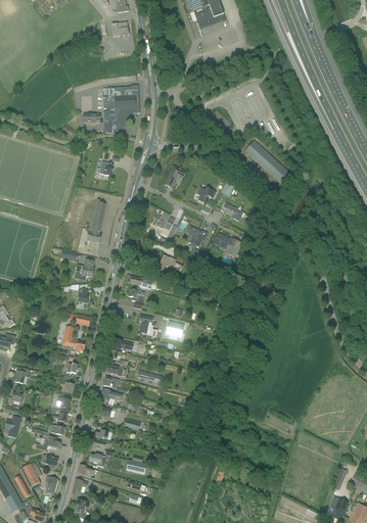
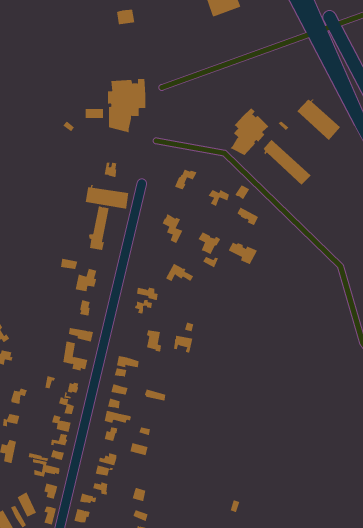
building: none -> [297,98,341,141]
building: none -> [230,108,269,156]
building: none -> [85,184,129,210]

